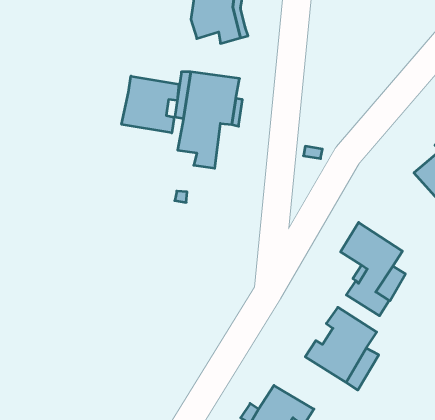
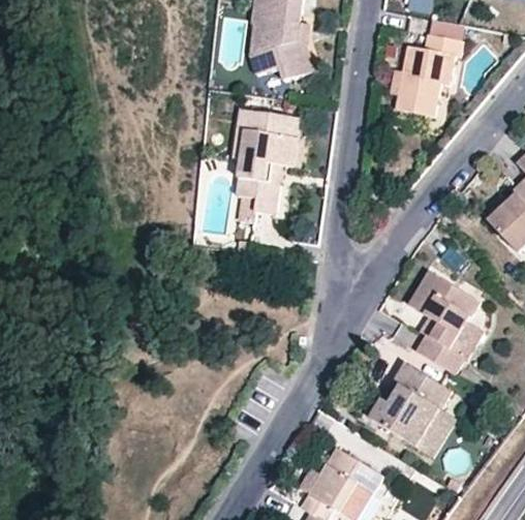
building: none -> [395,37,459,117]
building: [122,76,179,133] -> none

